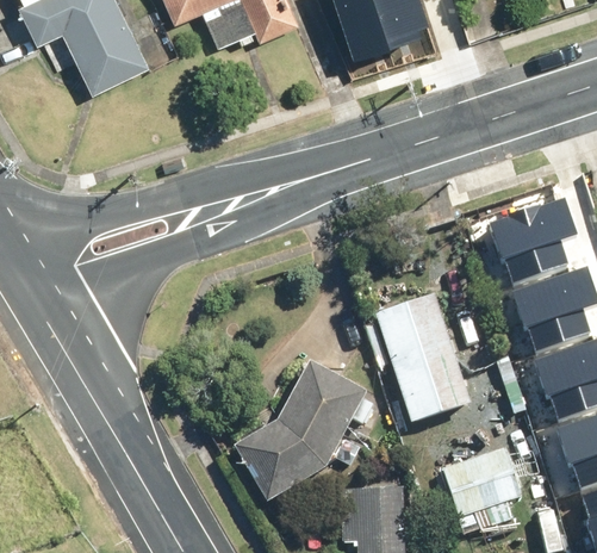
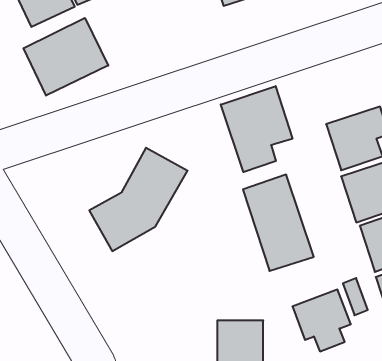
building: none -> [24,18,108,96]
building: none -> [221,86,292,172]
building: [237,360,369,499] -> [89,148,188,251]

